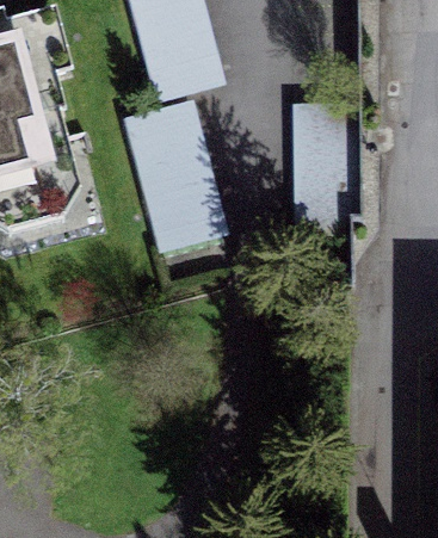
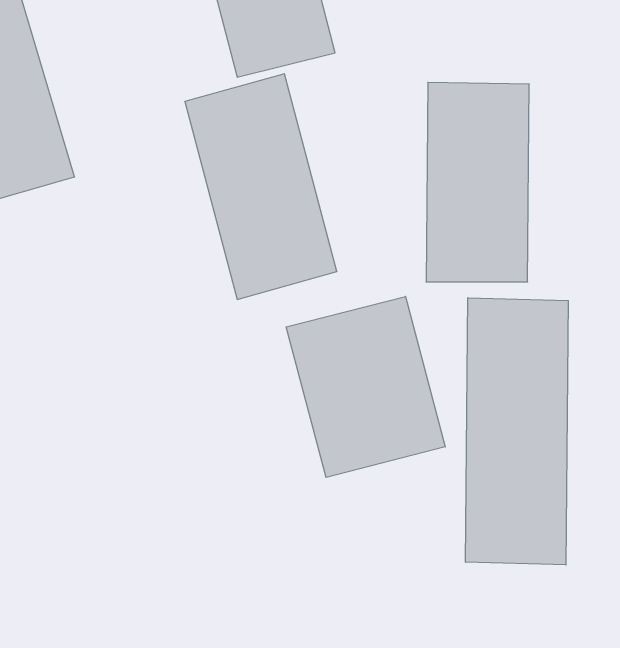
building: none -> [286,296,445,477]
building: none -> [466,298,568,565]

